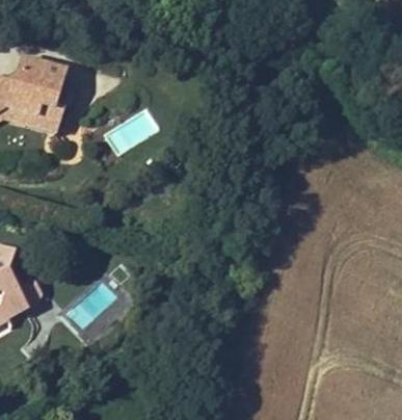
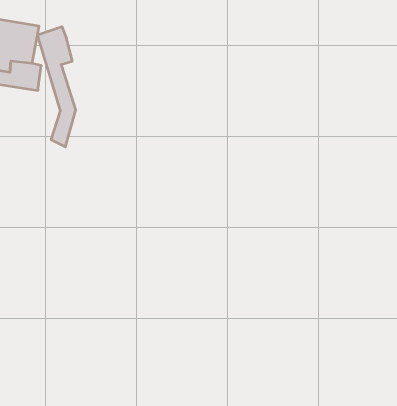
building: none -> [37,27,75,147]

